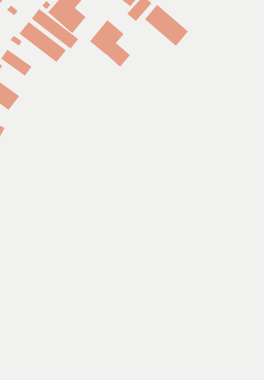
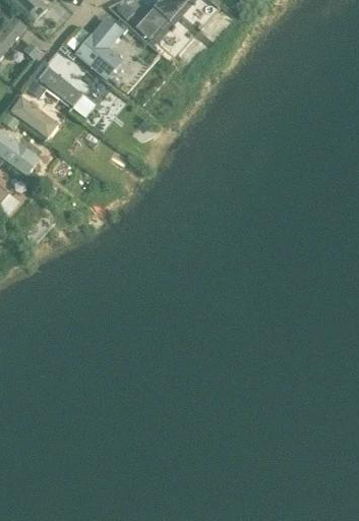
building: [144,4,189,47] -> none
building: [89,19,131,67] -> none

